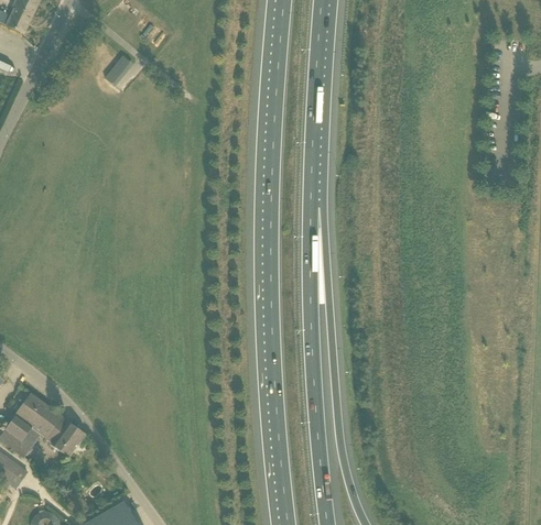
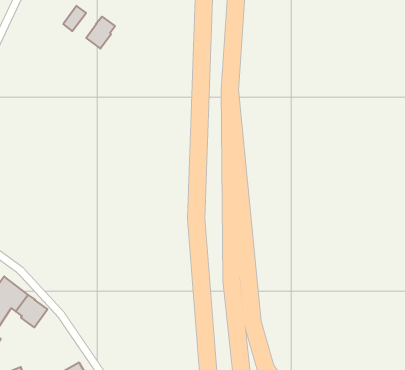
building: none -> [86,17,115,49]

